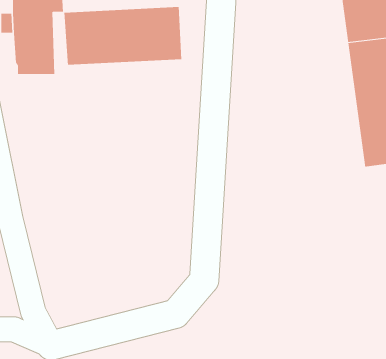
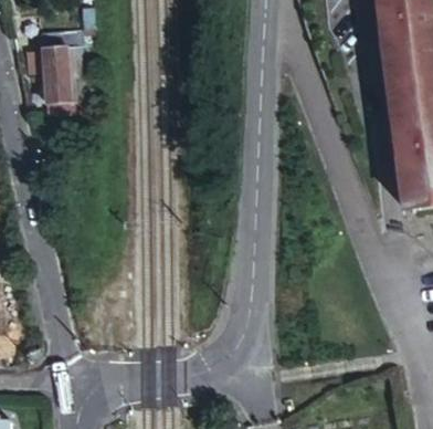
building: [64,6,182,66] -> none

